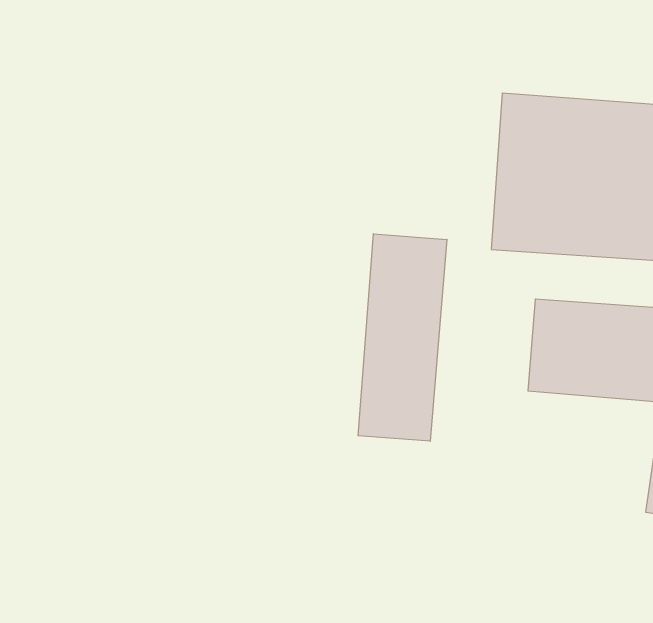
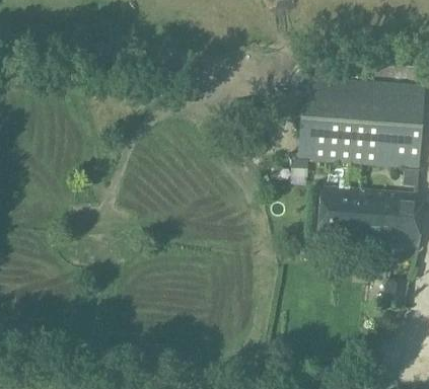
building: [358,234,447,441] -> none

